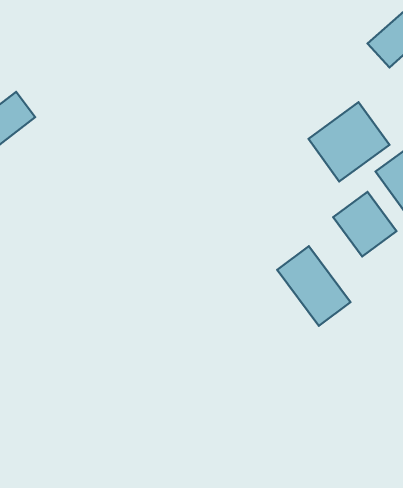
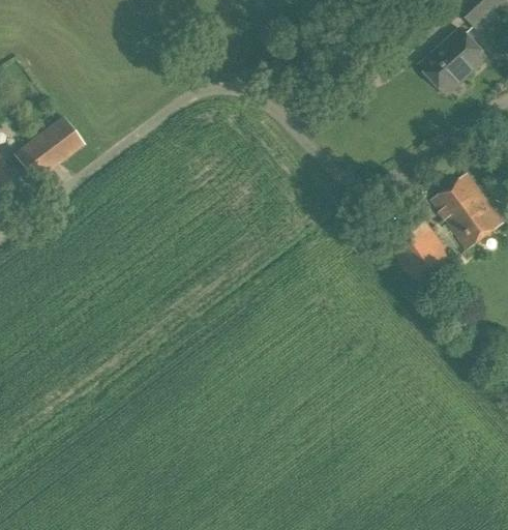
building: [308,102,389,181] -> none
building: [277,246,351,326] -> none

